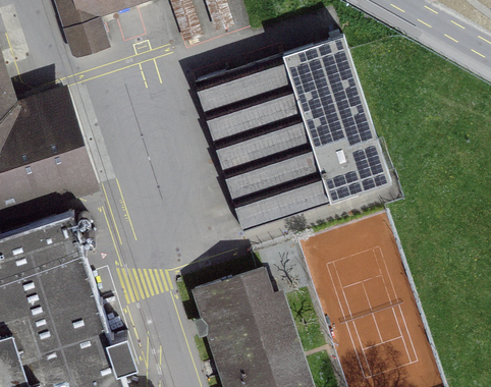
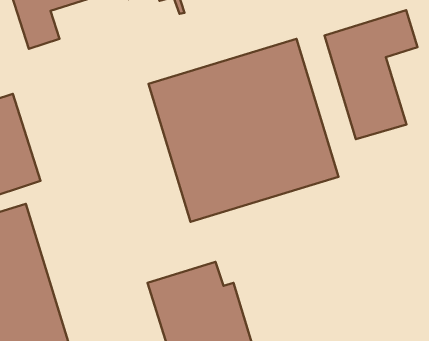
building: none -> [324,10,418,139]

